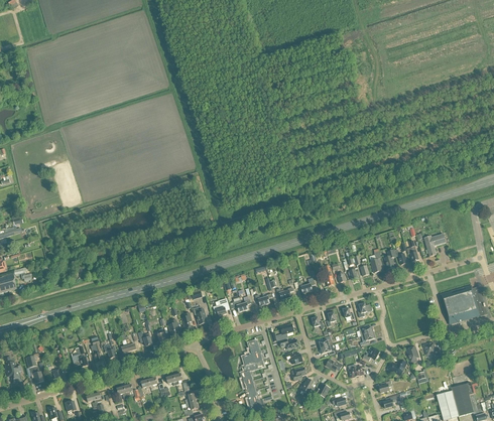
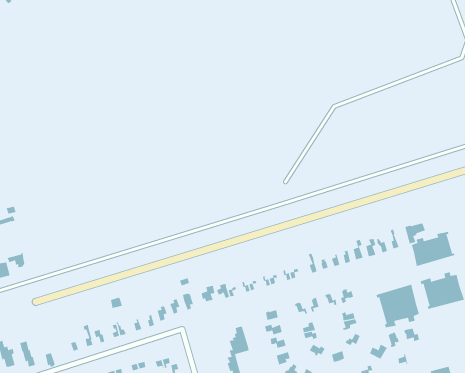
building: none -> [411,231,455,267]
building: none -> [376,284,420,328]

